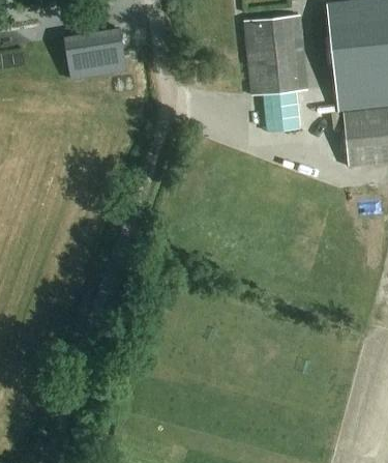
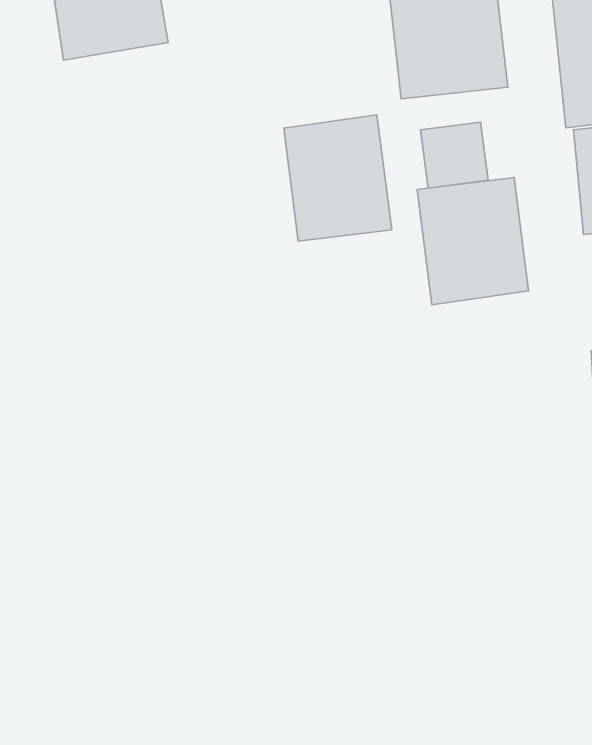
building: none -> [284,115,392,241]
building: none -> [417,178,528,305]

